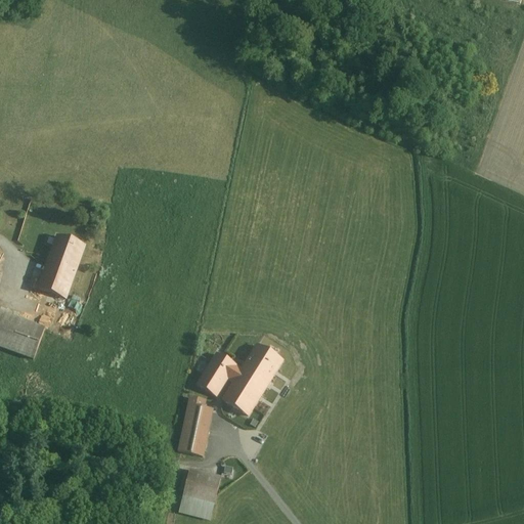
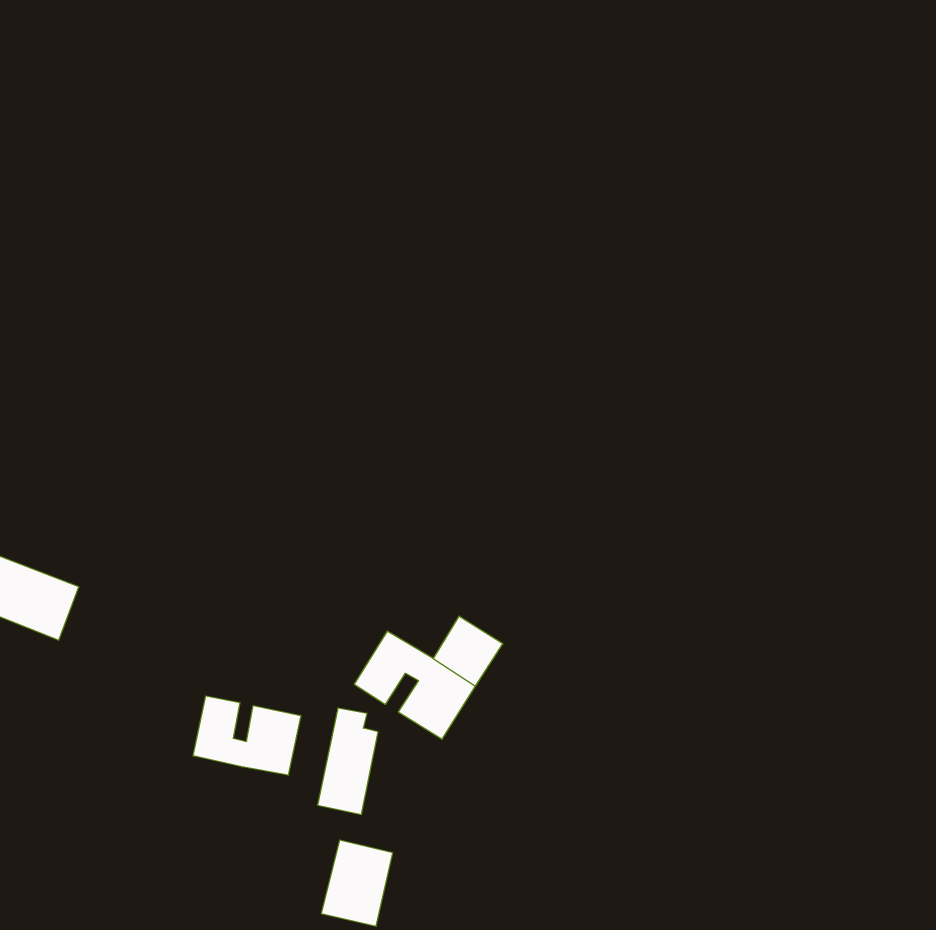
building: [38,234,84,297] -> none
building: none -> [193,696,301,775]

